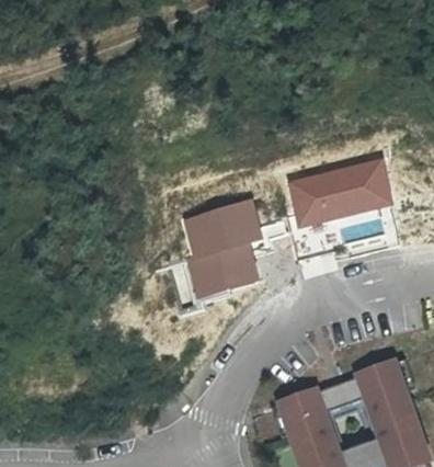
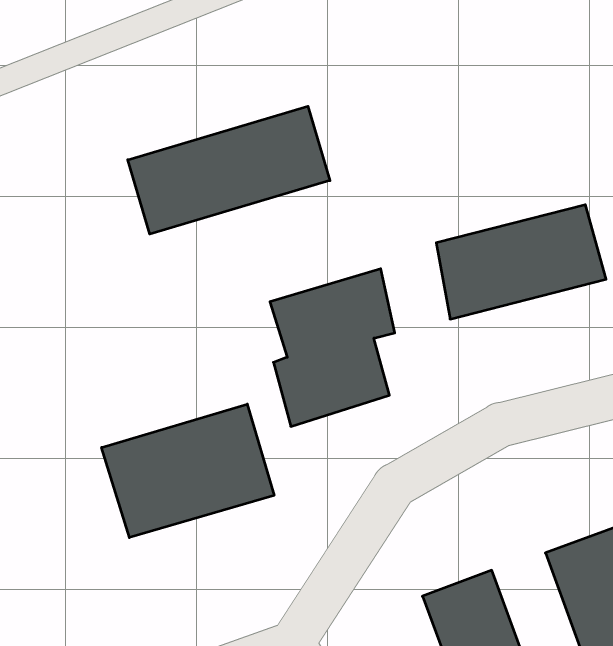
building: none -> [128,106,330,234]
building: none -> [102,404,274,538]

